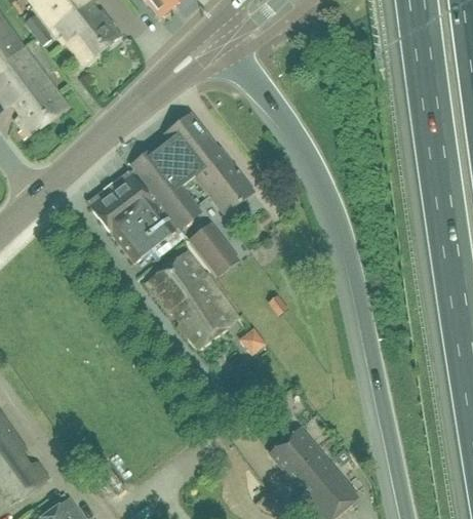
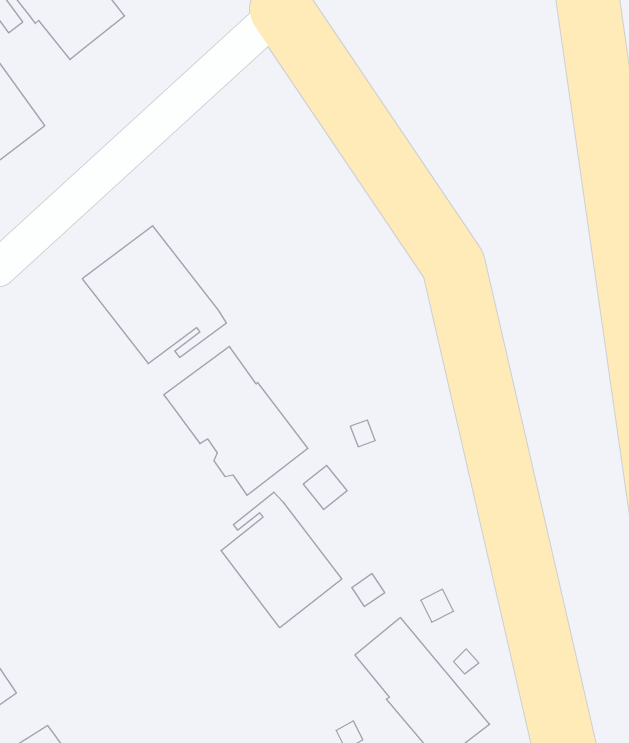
building: [134,112,254,226] -> none
building: [191,223,238,274] -> none
building: none -> [221,492,342,628]

